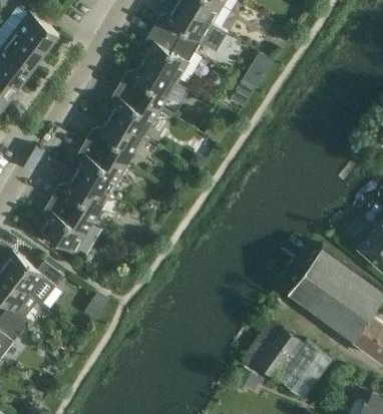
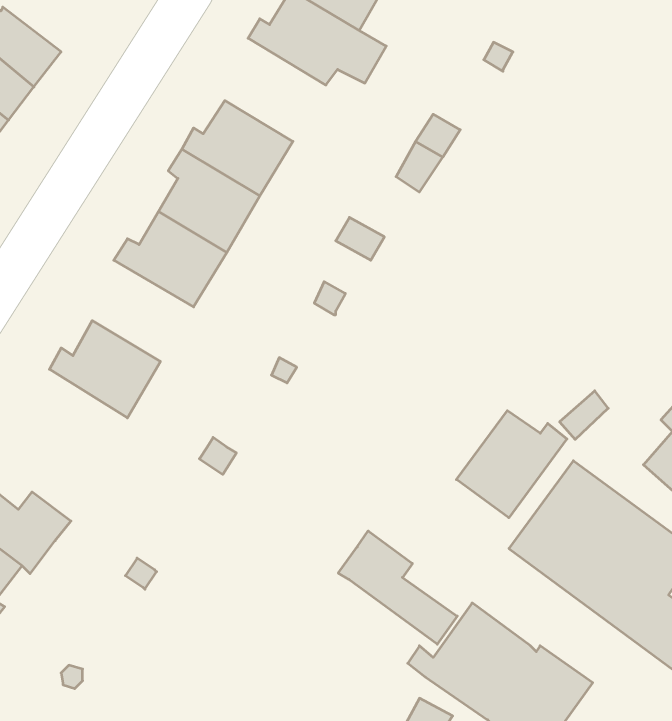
building: [141,29,194,82] -> none
building: [73,143,125,195] -> none
building: [39,199,91,253] -> none
building: none -> [456,411,567,518]
building: none -> [338,531,457,644]

